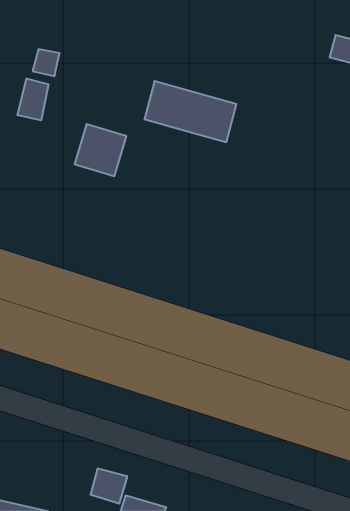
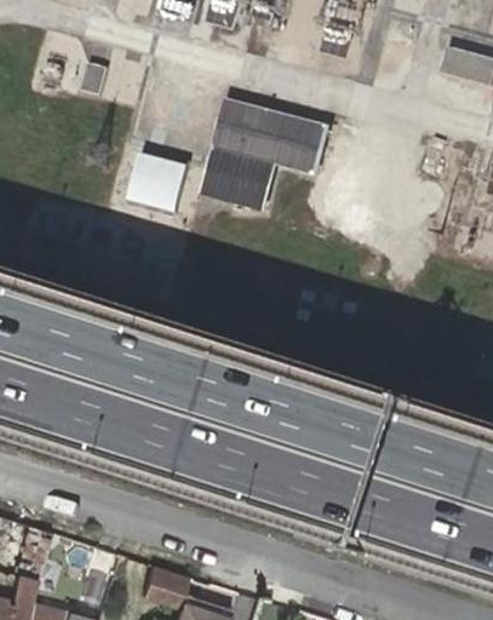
building: [18,79,49,120] -> none
building: none -> [199,144,277,209]

